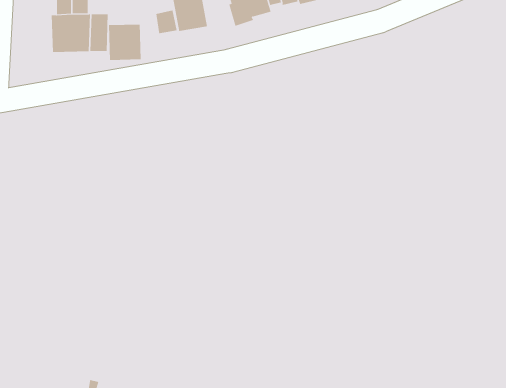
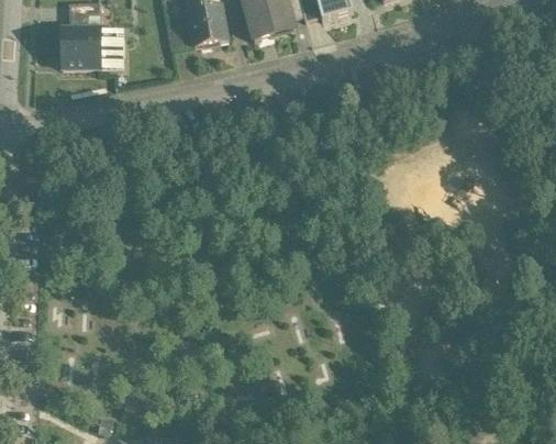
building: [109,24,141,61] -> none

